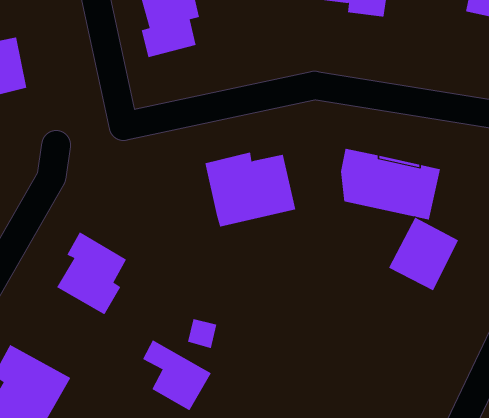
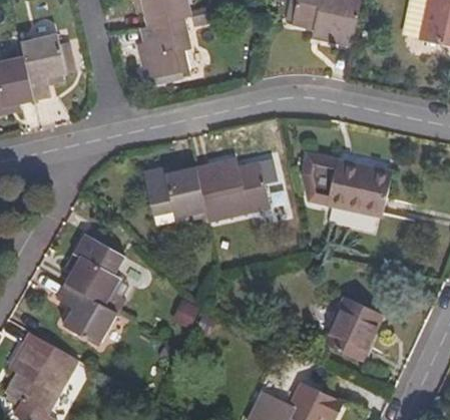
building: none -> [27,36,70,102]
building: none -> [140,167,202,218]
building: [388,217,459,291] -> [322,297,383,361]
building: [142,339,212,411] -> [55,275,115,337]

